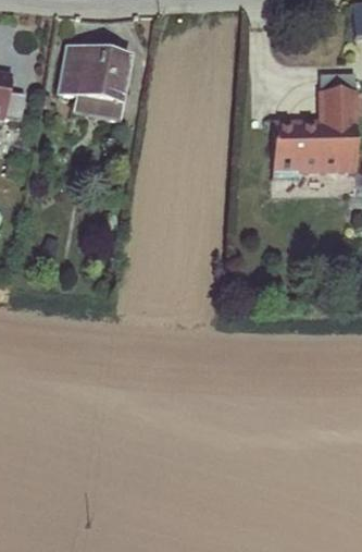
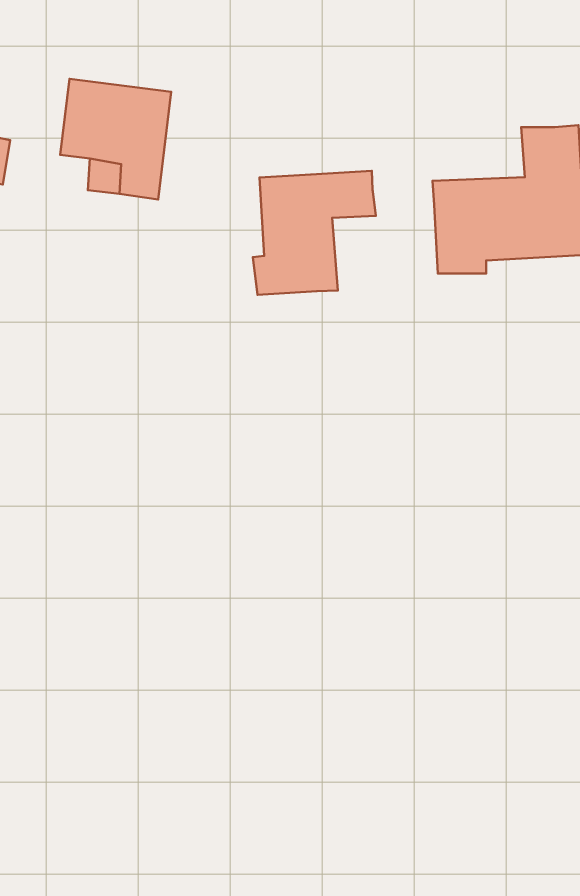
building: none -> [253,171,376,295]

